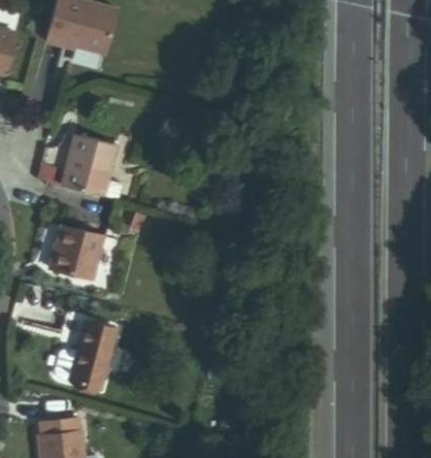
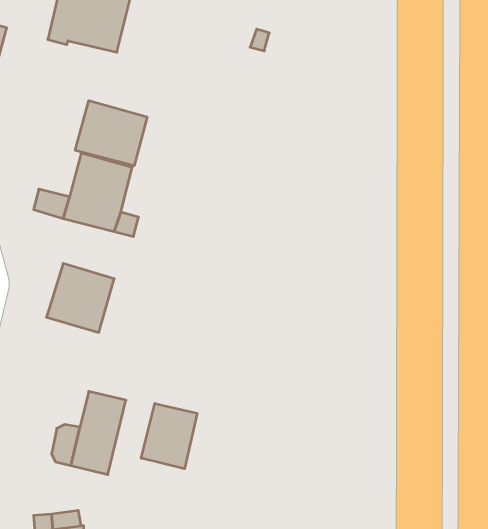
building: none -> [75,101,147,166]
building: none -> [141,403,197,469]

